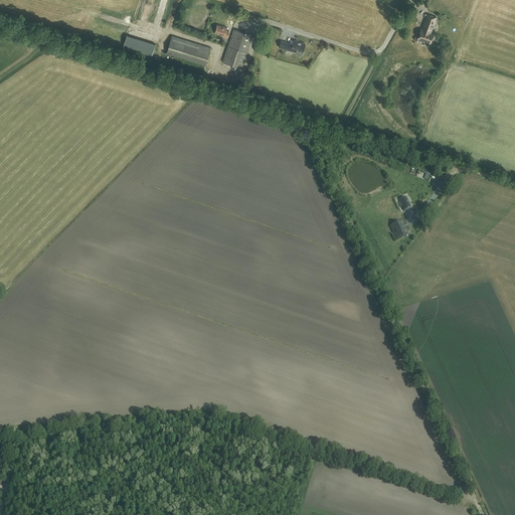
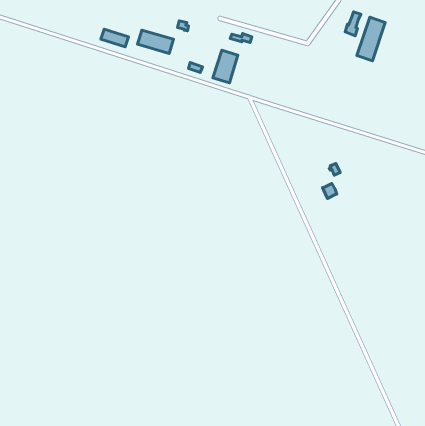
building: none -> [357,17,385,61]
building: [221,29,251,68] -> [213,50,238,83]

